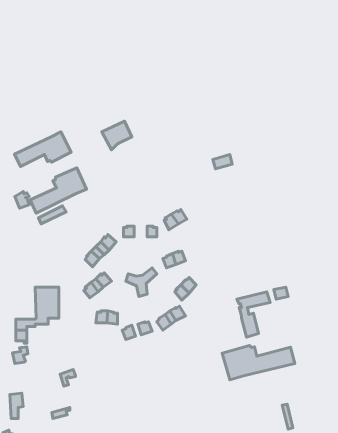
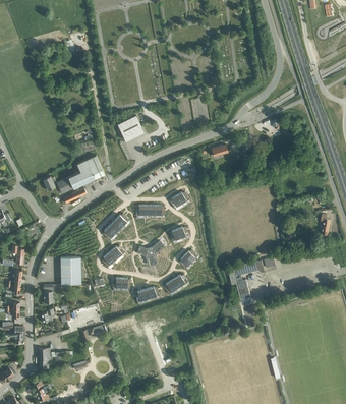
building: [14,132,71,166] -> none
building: [222,345,295,380] -> none

